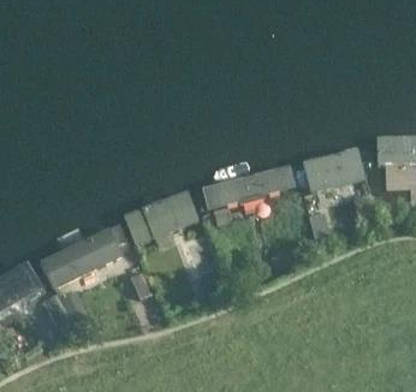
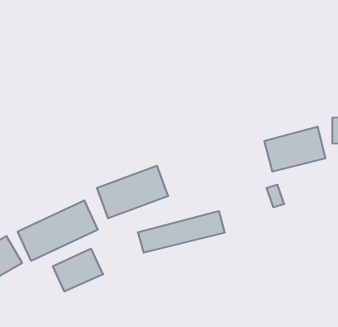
building: [201,164,295,208] -> [138,211,225,253]
building: none -> [53,249,103,291]

